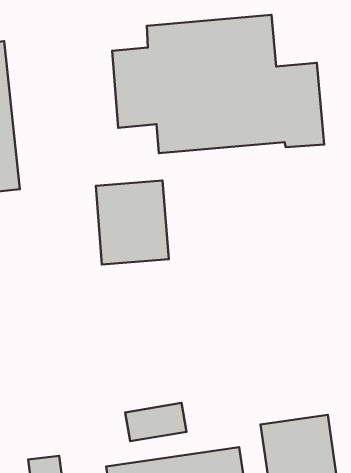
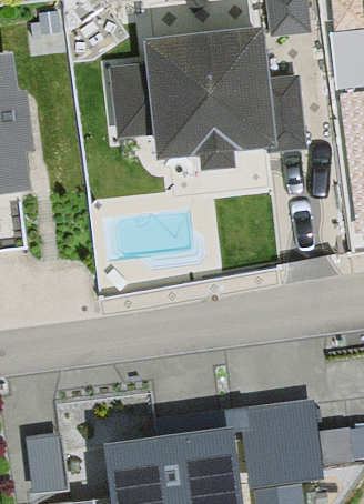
building: [96,180,169,264] -> none

